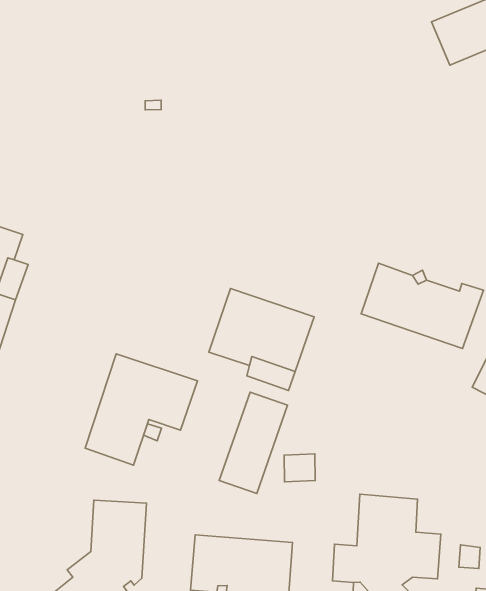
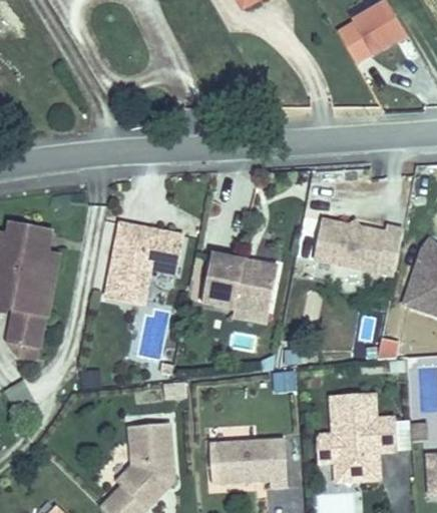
building: [85,354,198,465] -> [105,221,183,304]
building: [219,392,288,494] -> none

